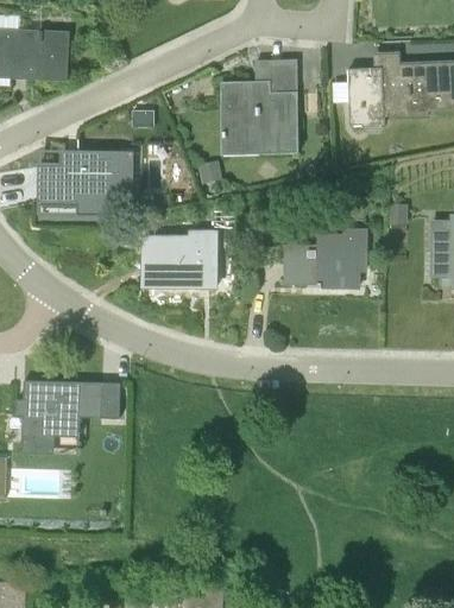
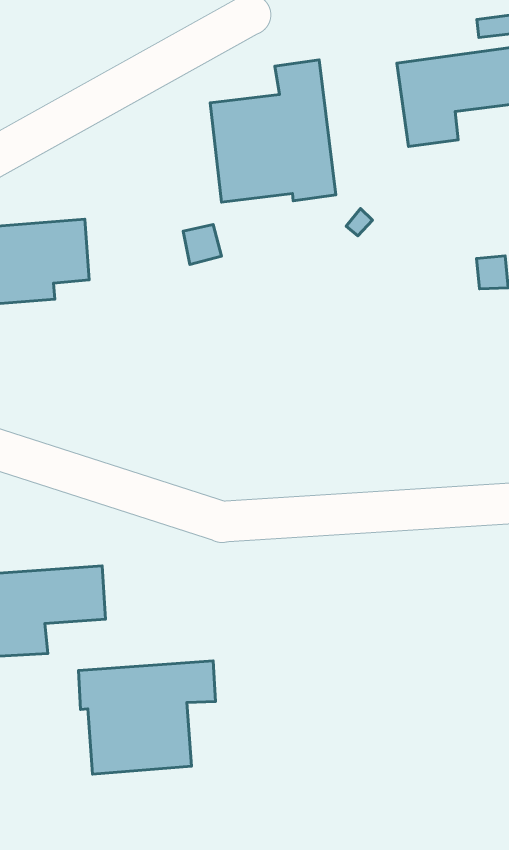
building: [285,228,364,286] -> none
building: [143,232,215,286] -> none
building: none -> [79,661,215,774]

